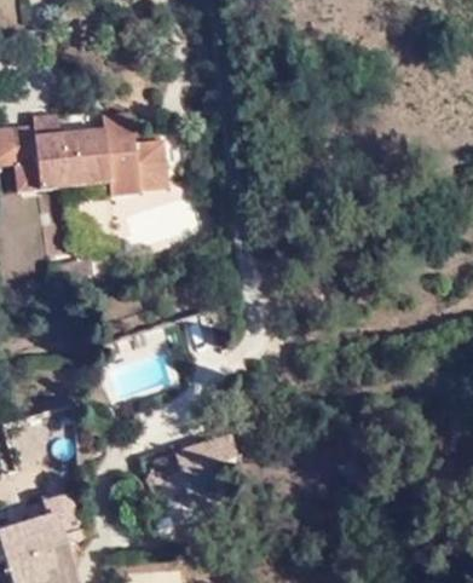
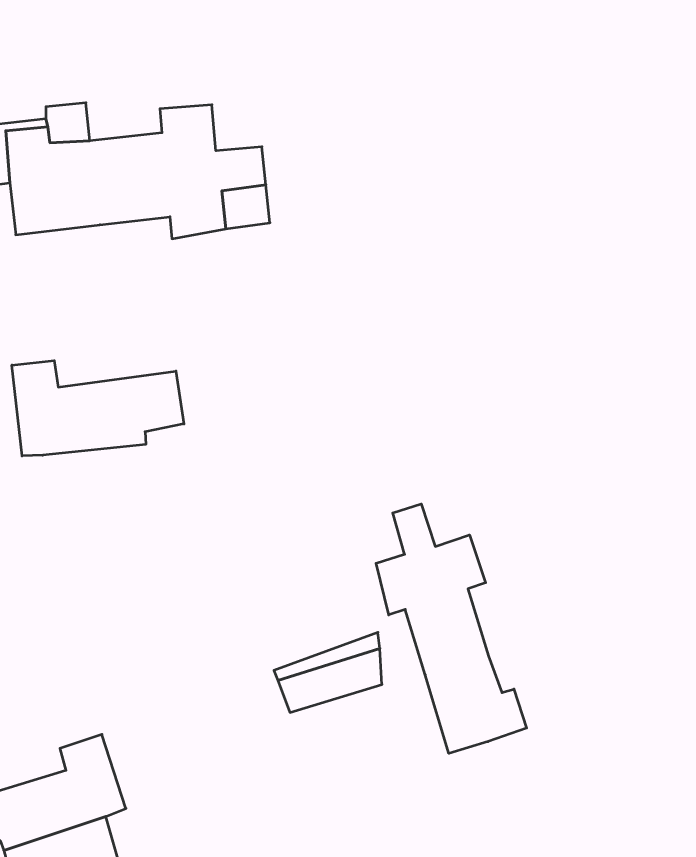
building: none -> [12,361,184,456]
building: none -> [376,504,527,753]

